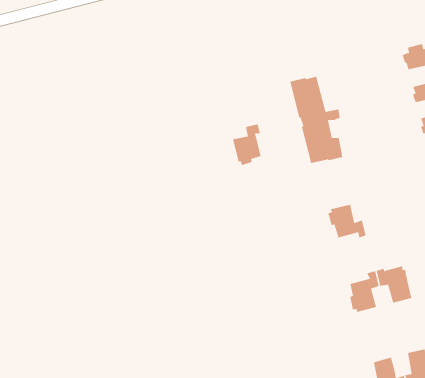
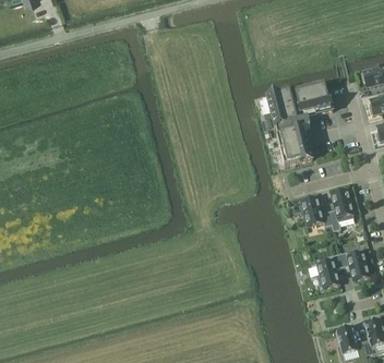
building: none -> [293,82,332,113]
building: [232,123,261,166] -> none
building: none -> [327,190,353,230]

